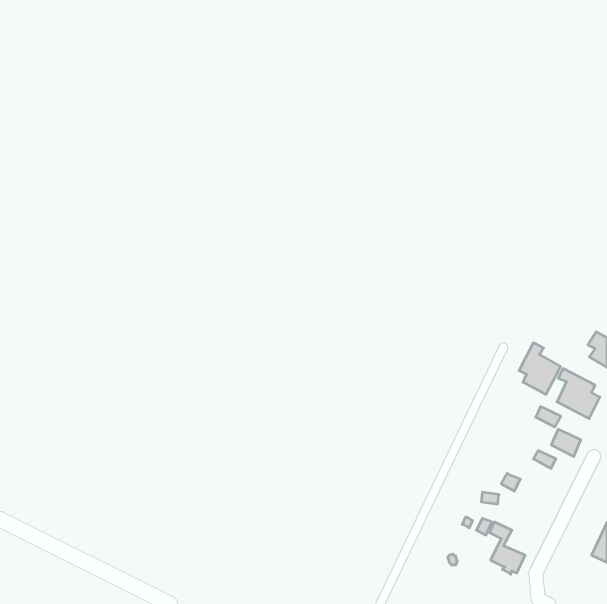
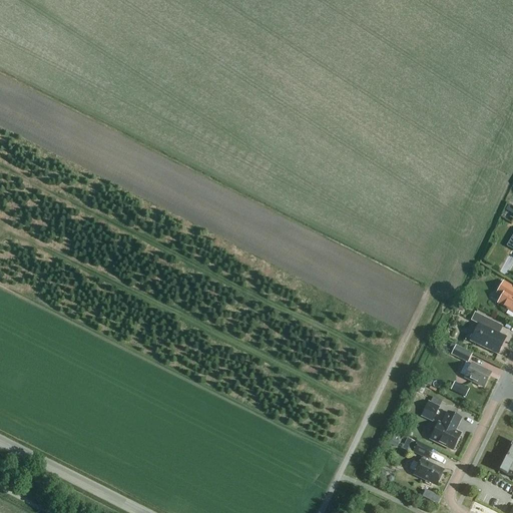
building: [519,343,560,394] -> none
building: none -> [430,410,461,448]

